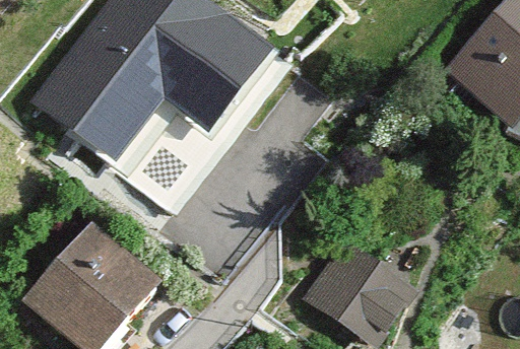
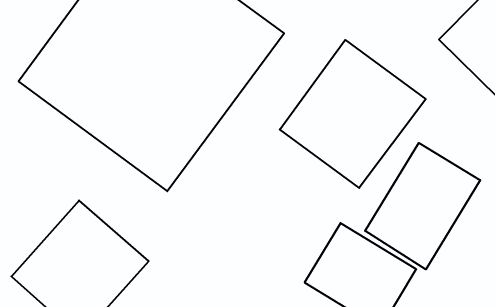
building: none -> [280,40,426,188]
building: none -> [365,143,480,269]

